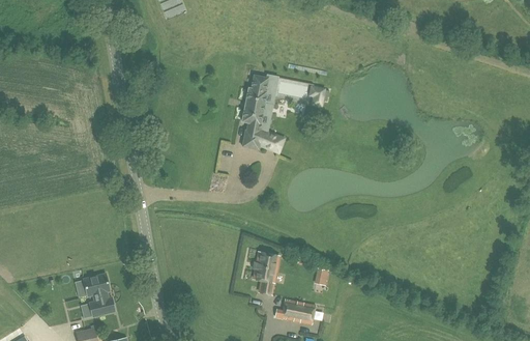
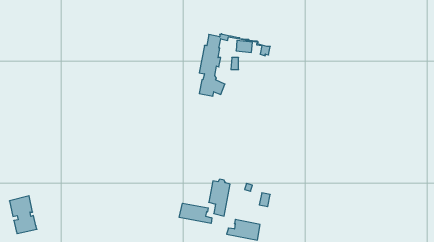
building: [82,272,115,317] -> [9,196,37,234]
building: none -> [179,203,212,223]

